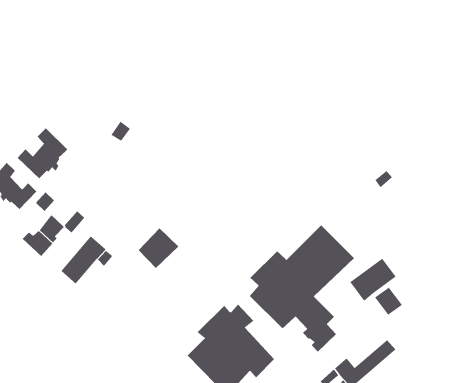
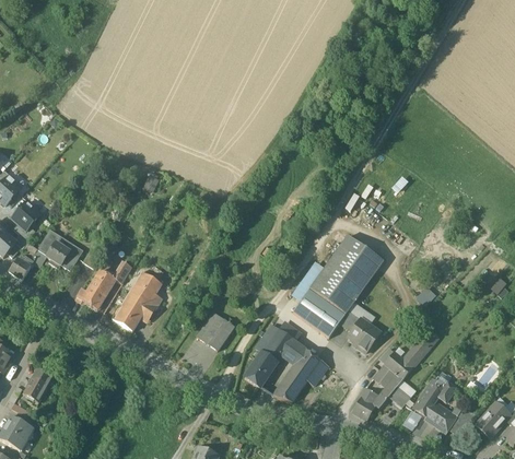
building: [17,127,68,179] -> none
building: [138,228,179,269] -> [197,311,234,350]
building: [349,258,396,301] -> none

